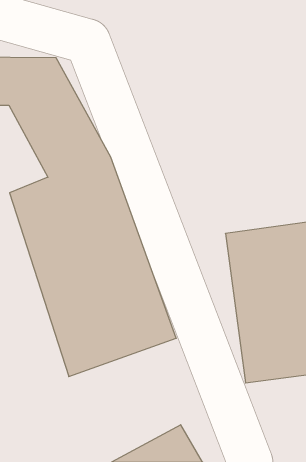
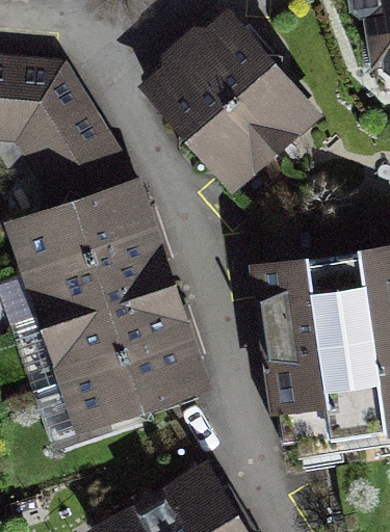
building: none -> [151,19,308,178]

